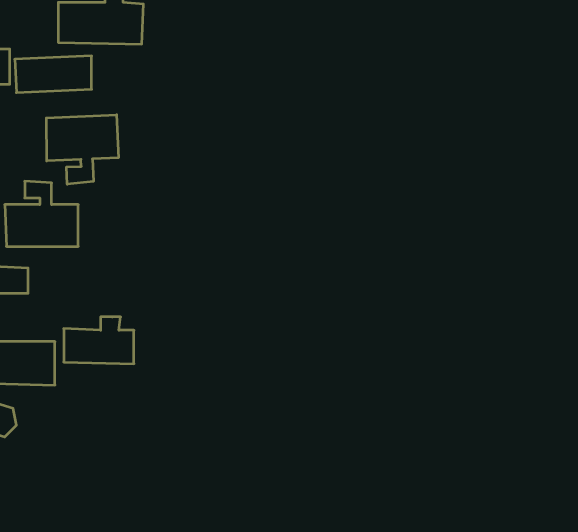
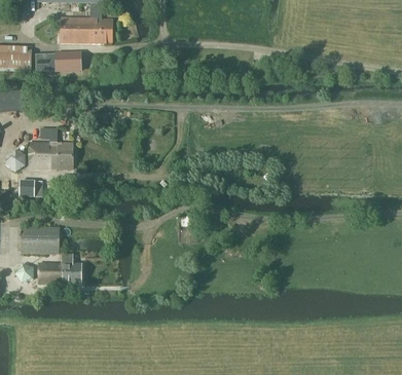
building: [46,115,118,184] -> none
building: [64,317,134,364] -> [38,255,81,284]

